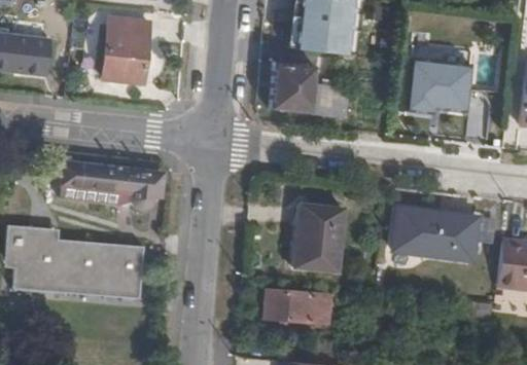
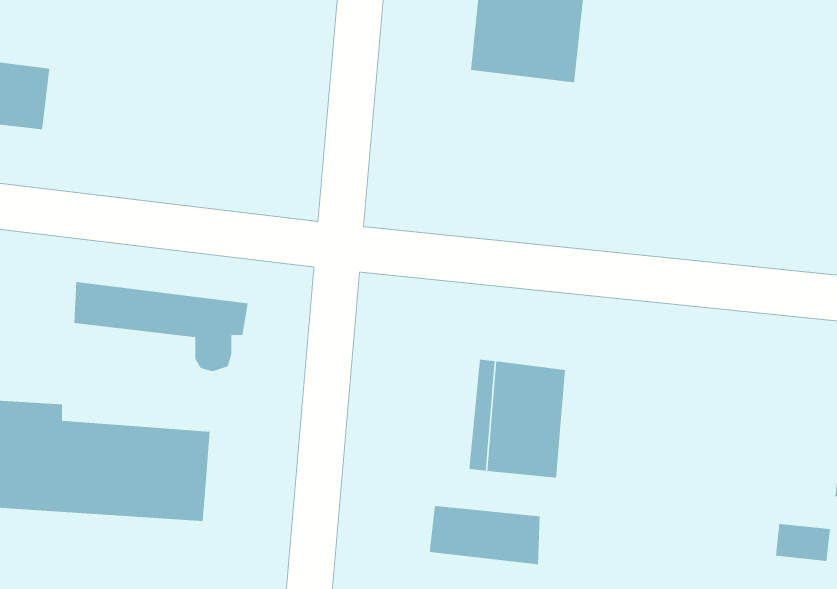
building: [103,16,149,80] -> none
building: [405,60,472,115] -> none
building: [271,64,350,119] -> none
building: [397,211,479,261] -> none

